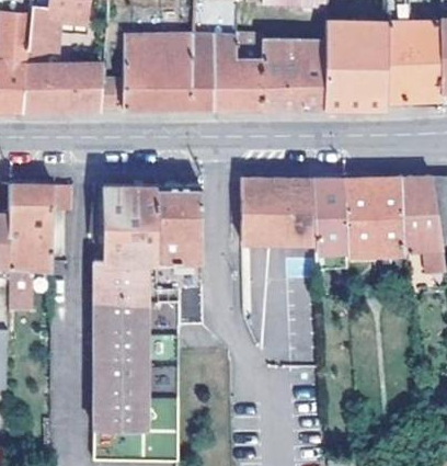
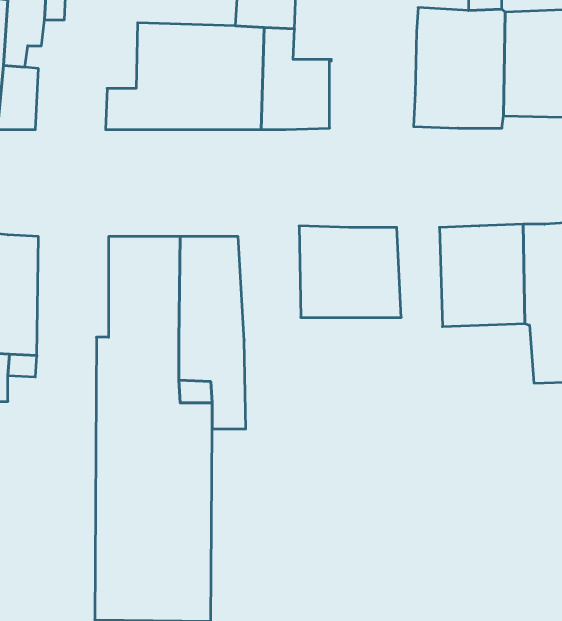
building: [262,38,324,107] -> none
building: [50,65,102,109] -> none
building: [310,179,344,271] -> none

